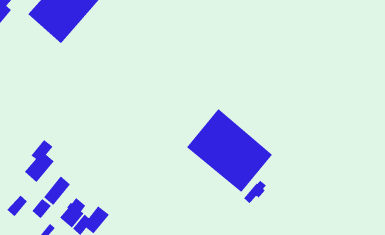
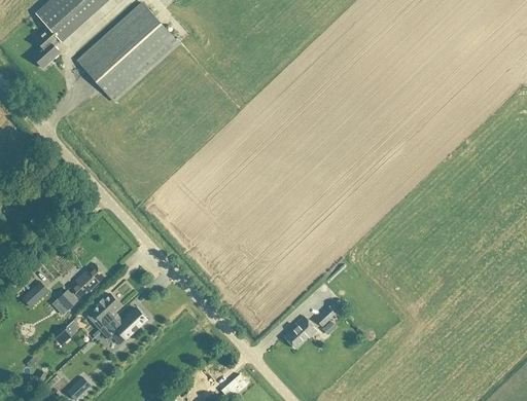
building: [186,108,273,193] -> none
building: [24,139,54,183] -> none
building: none -> [284,316,317,348]

